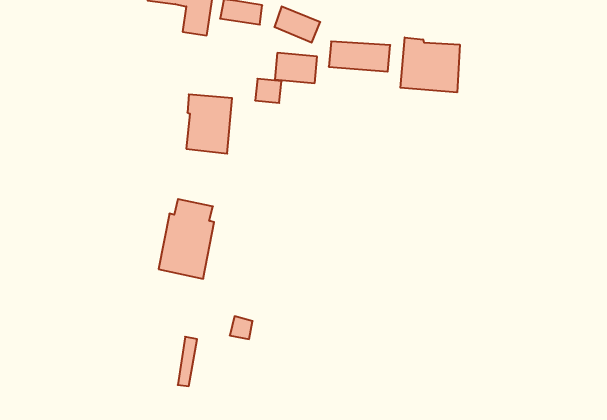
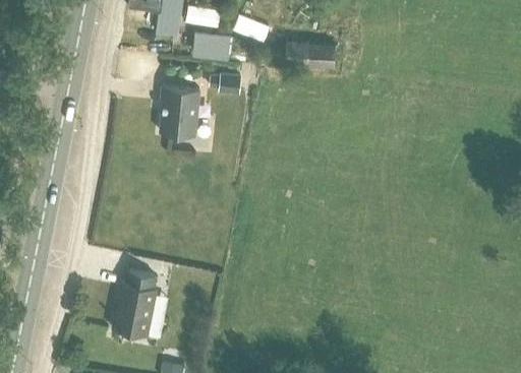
building: [400,37,460,92] -> none
building: [275,53,317,83] -> [194,34,230,59]
building: [159,199,214,279] -> [111,269,158,336]

